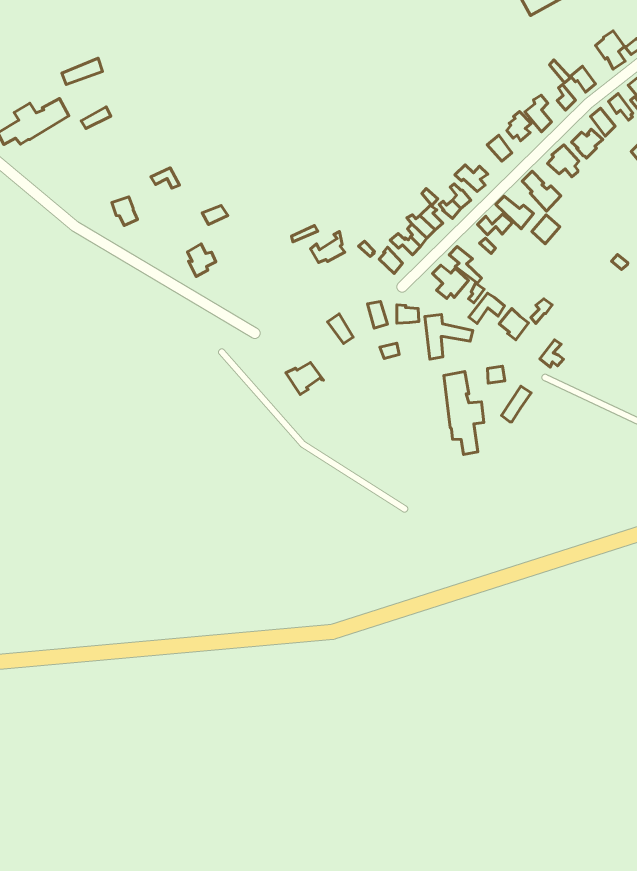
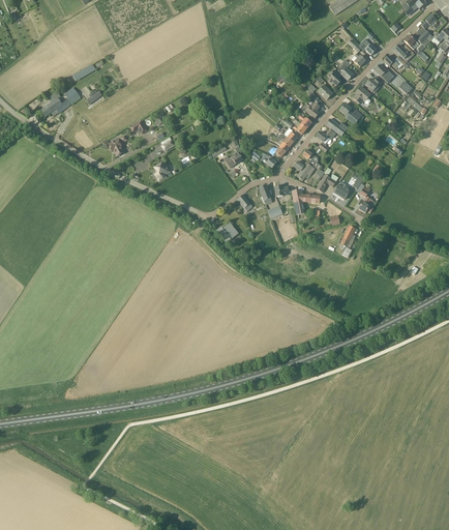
building: [444,372,484,454] -> none

